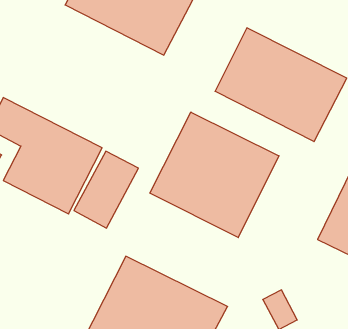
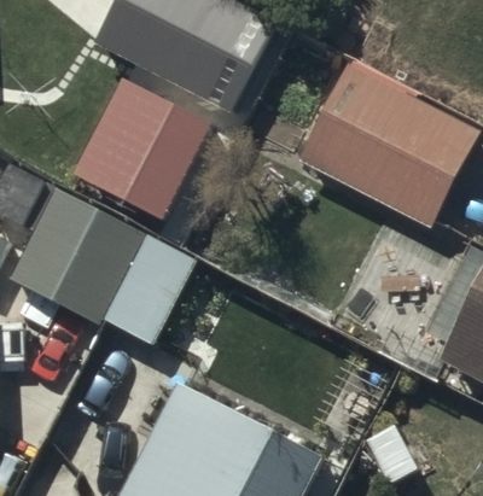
building: none -> [75,80,215,221]
building: [150,112,279,238] -> none

